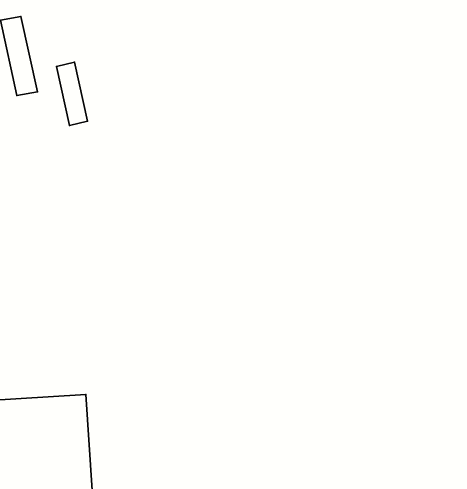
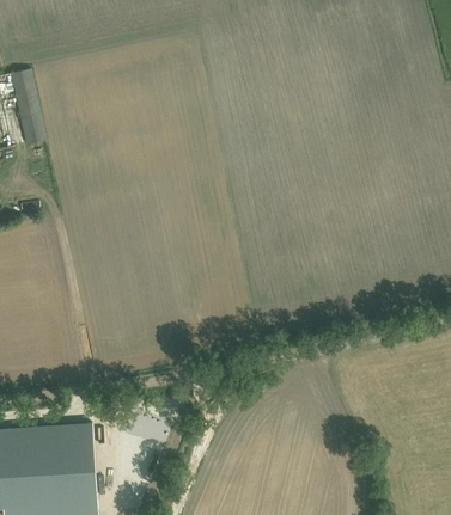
building: [57,62,87,126] -> none

